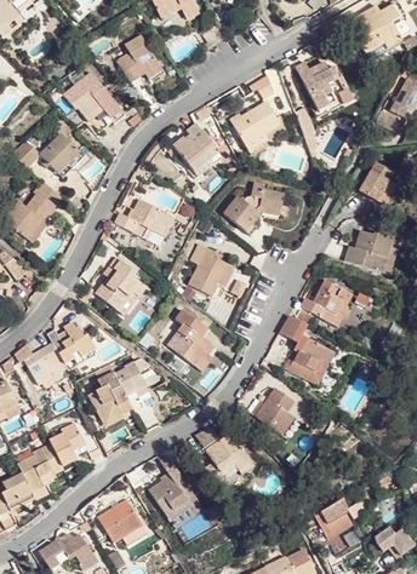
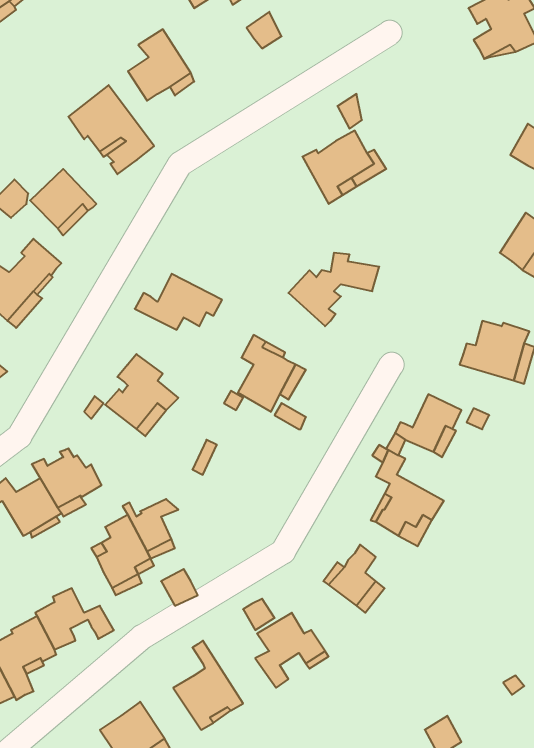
building: [303,65,343,115] -> none
building: [168,122,212,171] -> none
building: [166,310,213,366] -> none

